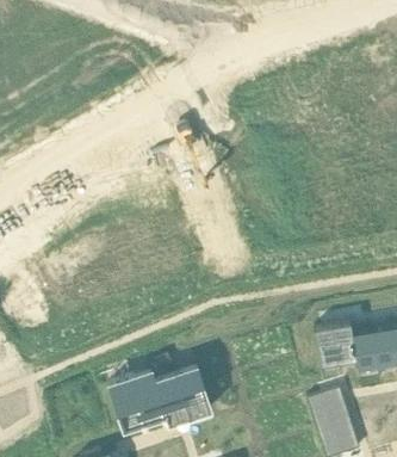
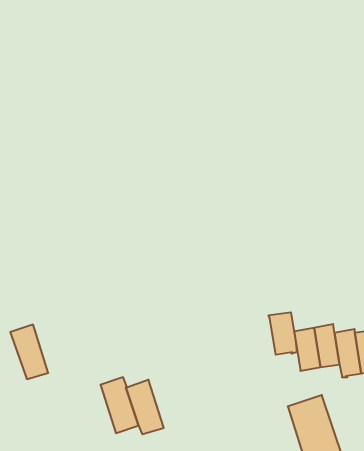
building: none -> [269,312,297,355]
building: [176,368,212,420] -> none
building: [110,379,145,431] -> [10,325,48,379]

